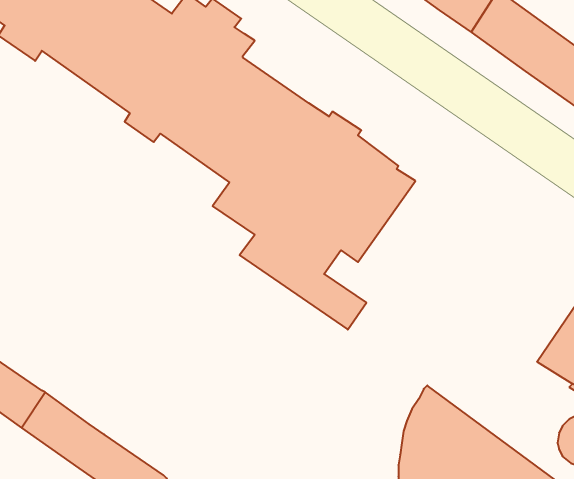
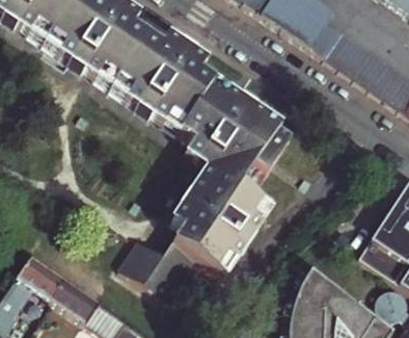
building: none -> [113,191,251,309]

